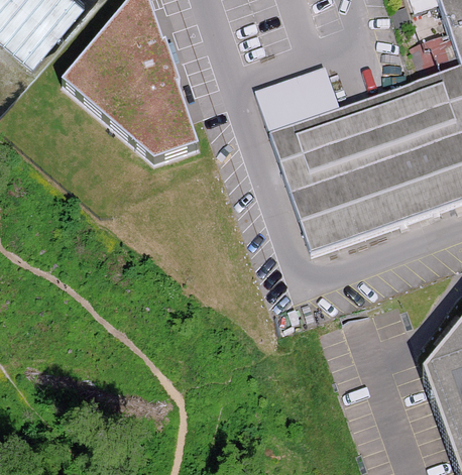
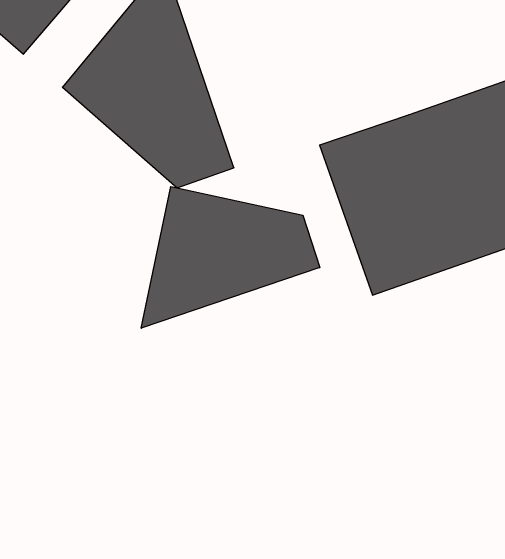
building: [254,65,340,131] -> none
building: none -> [141,187,320,328]

